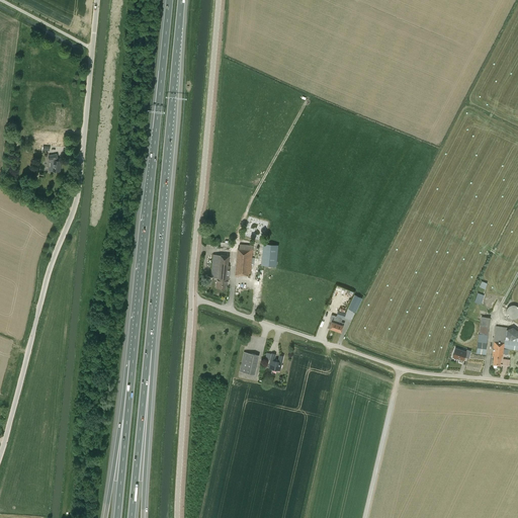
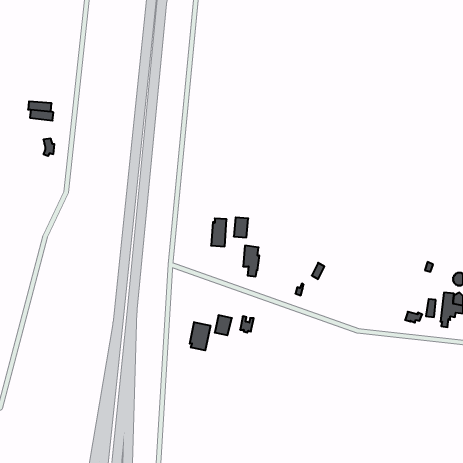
building: [211,254,230,288] -> [243,246,259,276]
building: none -> [190,322,210,350]

